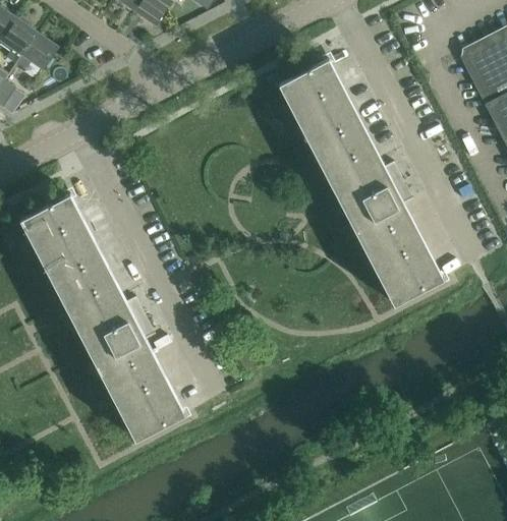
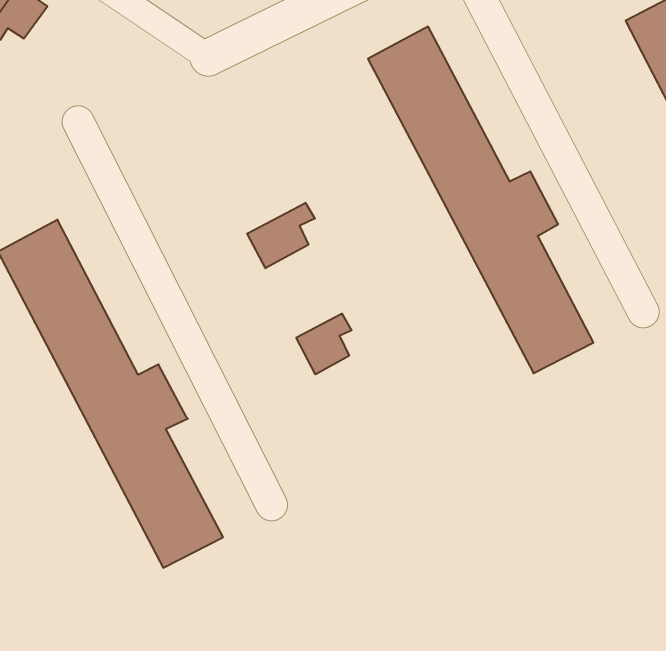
building: none -> [247,203,315,268]
building: none -> [296,314,352,374]

